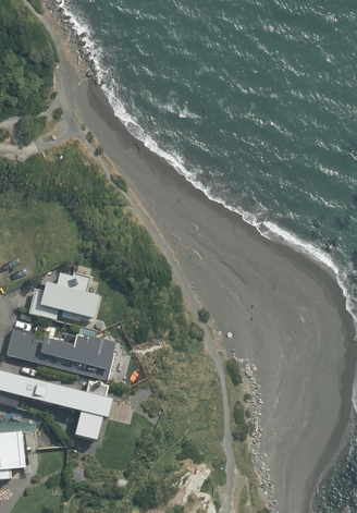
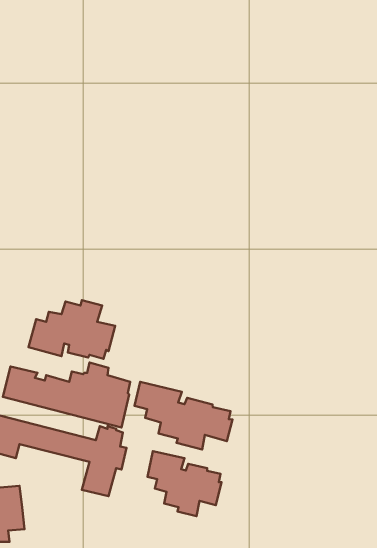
building: none -> [135,382,232,449]
building: none -> [147,451,221,516]

